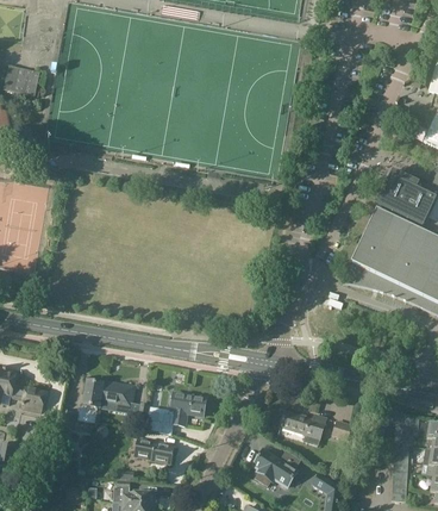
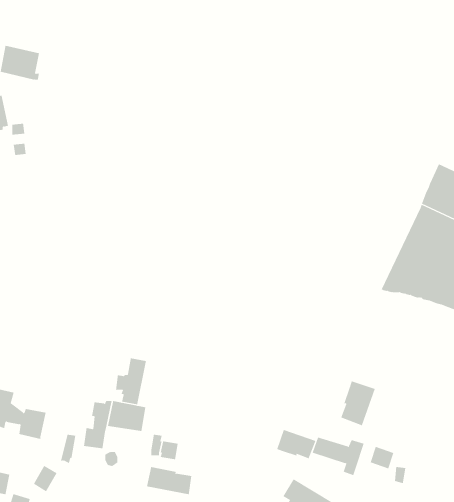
building: none -> [115,358,146,405]
building: none -> [340,380,375,426]
building: [170,392,207,425] -> none
building: none -> [277,429,316,459]

